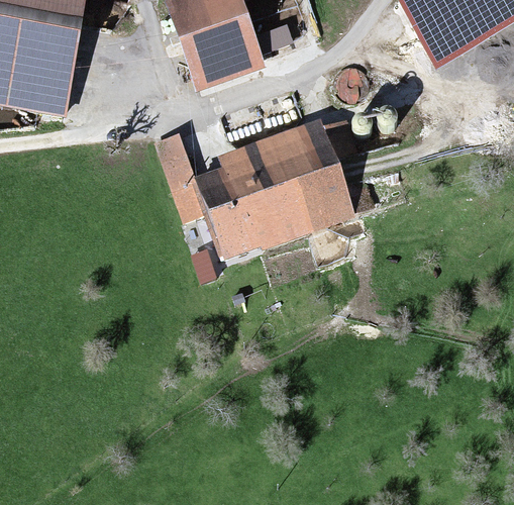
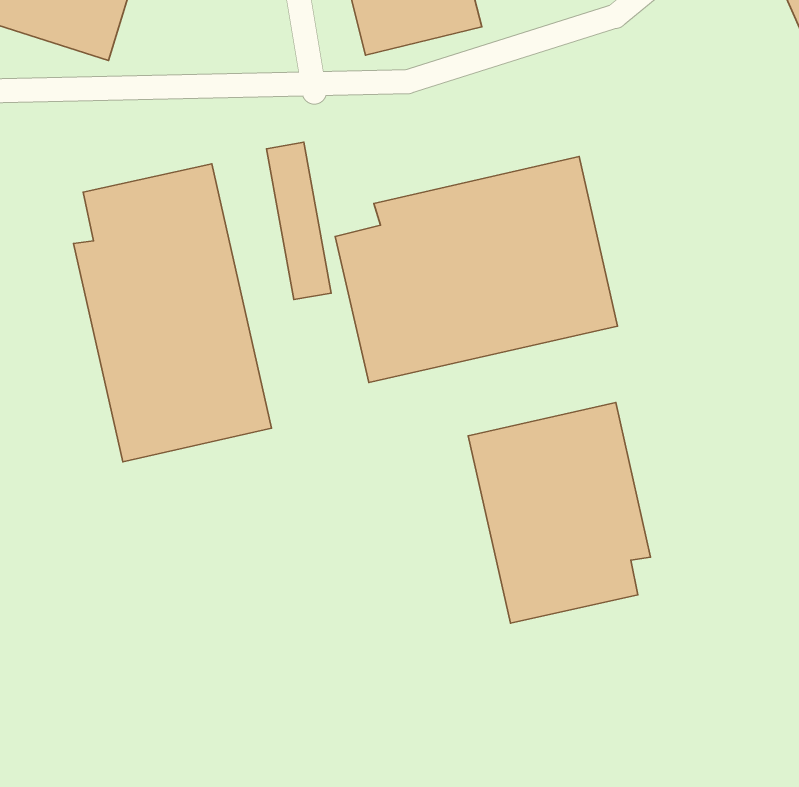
building: none -> [74,164,272,462]
building: none -> [468,403,650,623]

